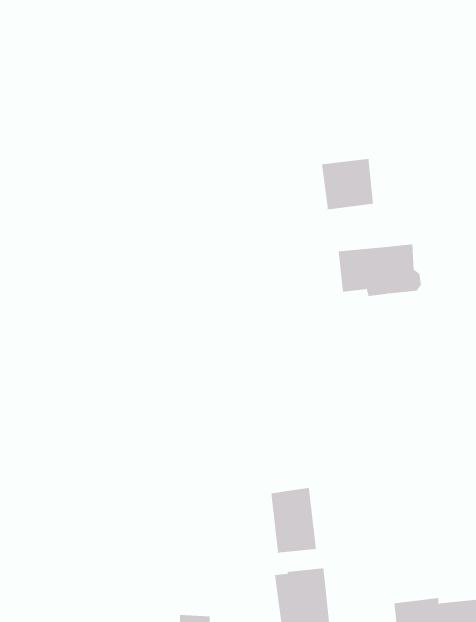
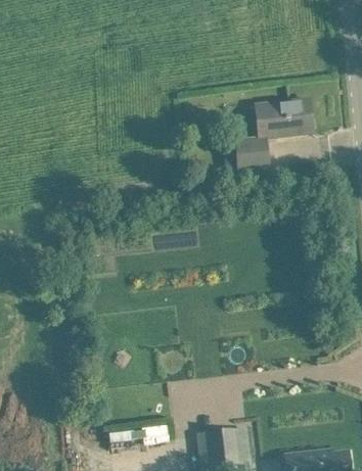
building: [338,244,422,297] -> [256,98,316,136]
building: [271,487,317,554] -> none

